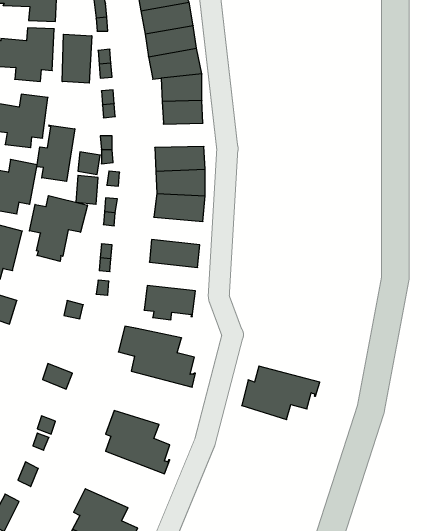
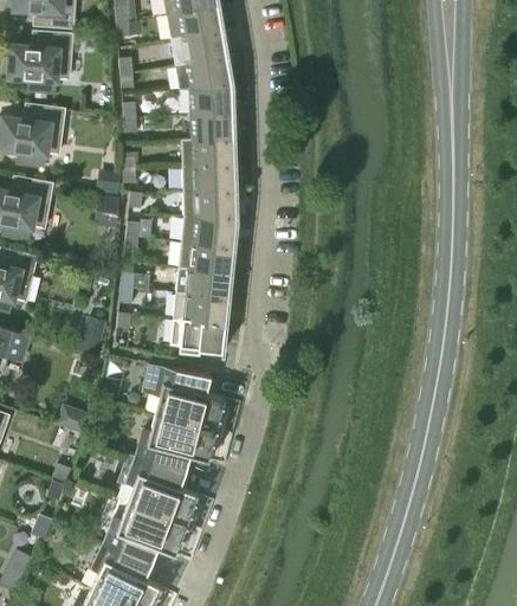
building: [62,34,92,83] -> none
building: none -> [180,138,235,166]
building: [37,125,75,181] -> none
building: [29,196,87,261] -> none
building: none -> [177,243,234,273]
building: none -> [173,292,228,324]
building: [242,366,320,420] -> [136,413,222,472]
building: none -> [104,502,192,565]

